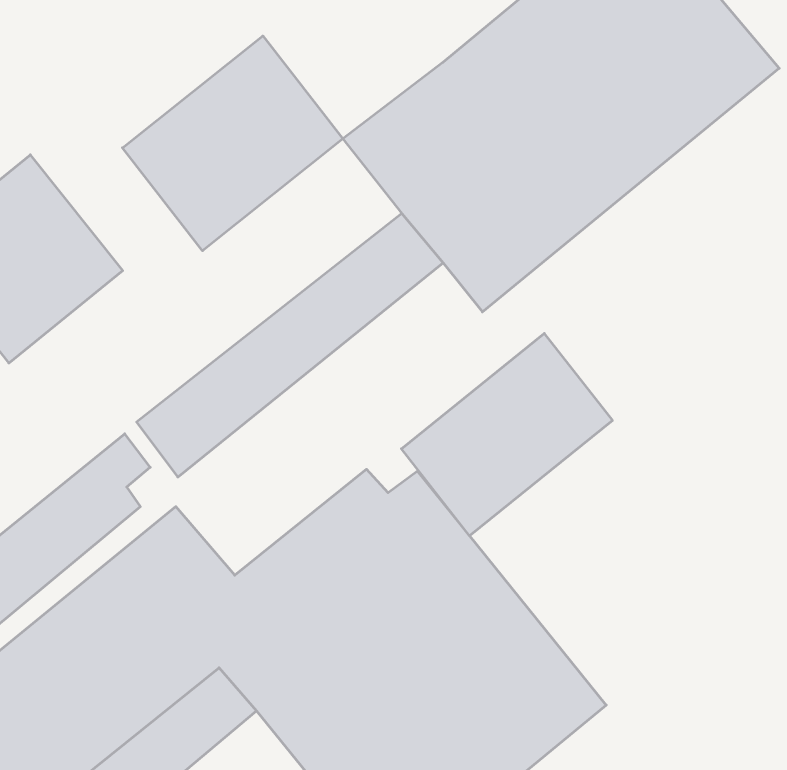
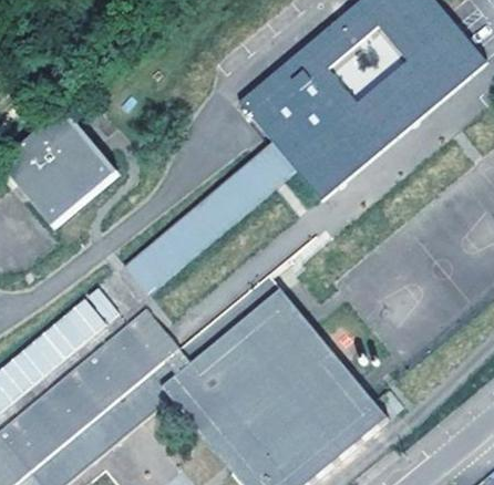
building: [122,36,343,251] -> none
building: [401,333,612,536] -> none

